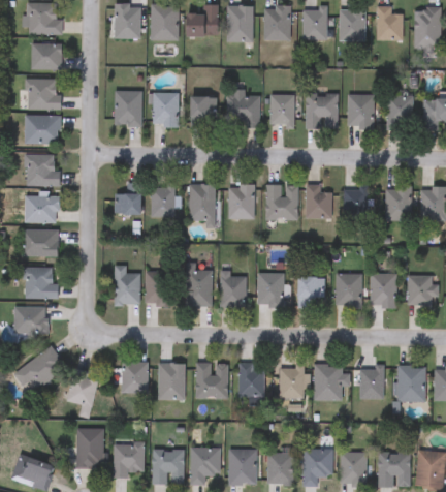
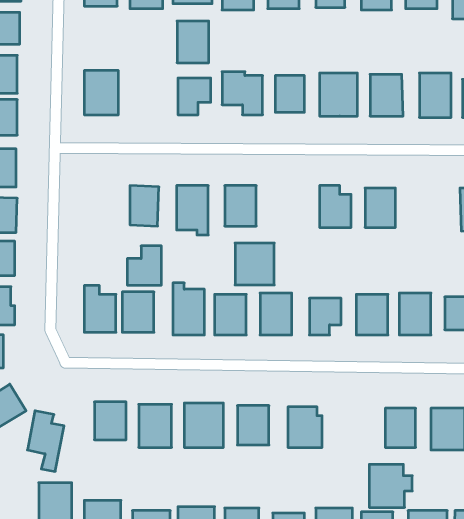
building: [152,93,178,127] -> [177,21,209,63]
building: [114,183,141,215] -> [127,246,161,285]
building: [265,185,297,219] -> [235,243,274,285]
building: [385,187,411,221] -> none
building: [314,365,349,400] -> [369,464,412,507]

